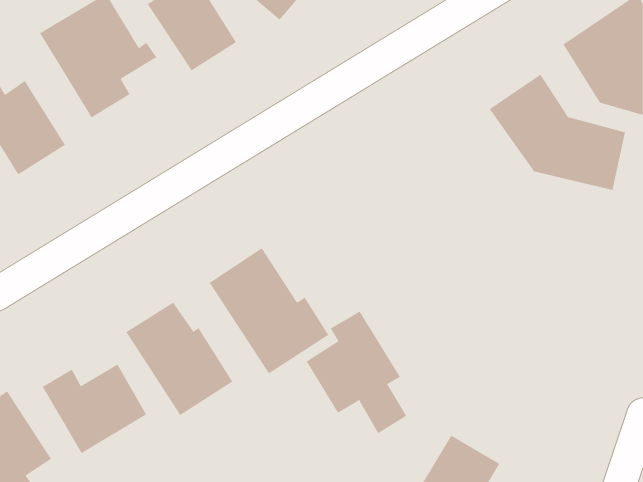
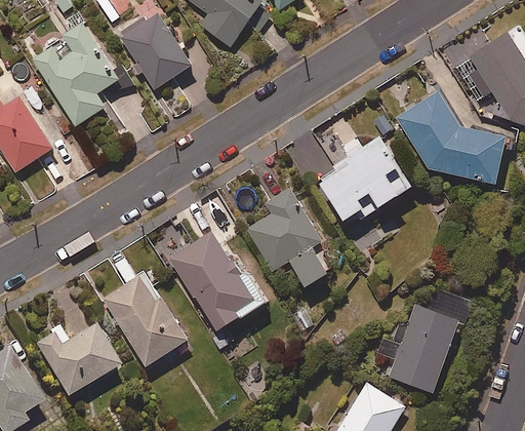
building: none -> [318,138,413,223]
building: [306,311,407,434] -> [246,188,328,287]
building: none -> [388,290,472,393]

